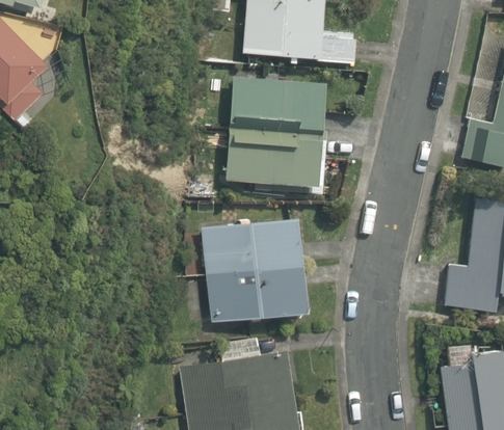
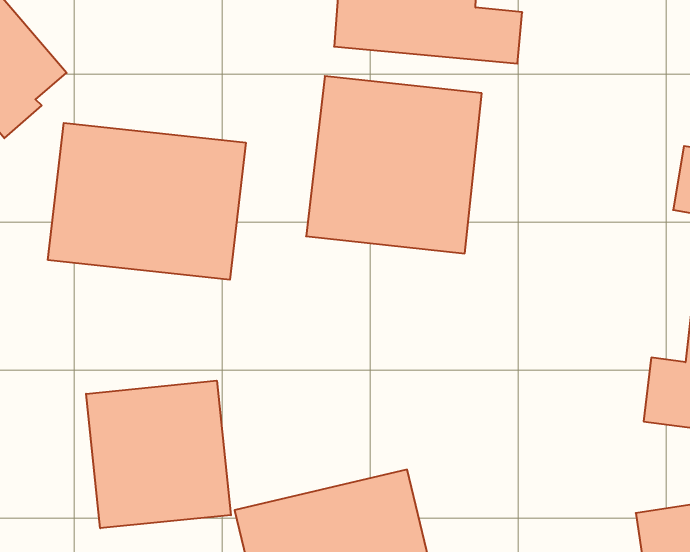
building: none -> [48,123,246,280]
building: [193,217,312,325] -> none
building: none -> [86,381,231,528]

